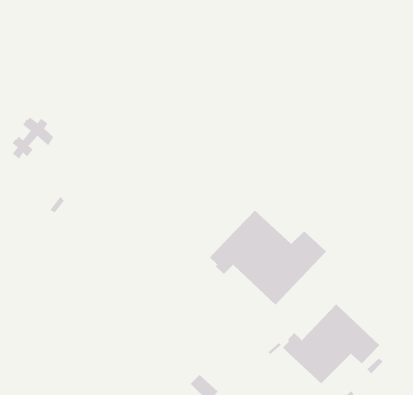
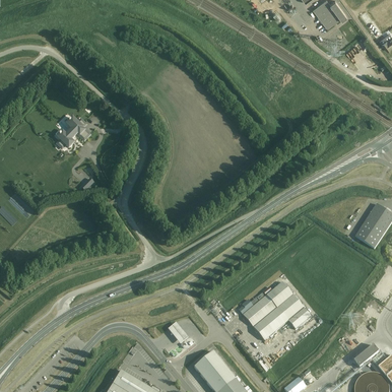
building: [209,210,327,306] -> none

